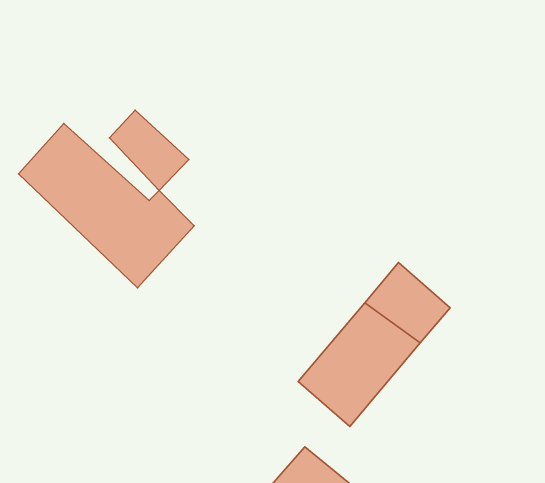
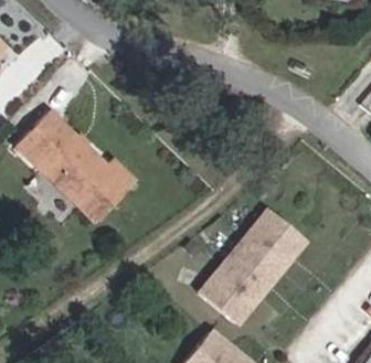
building: [109,110,189,191] -> none

